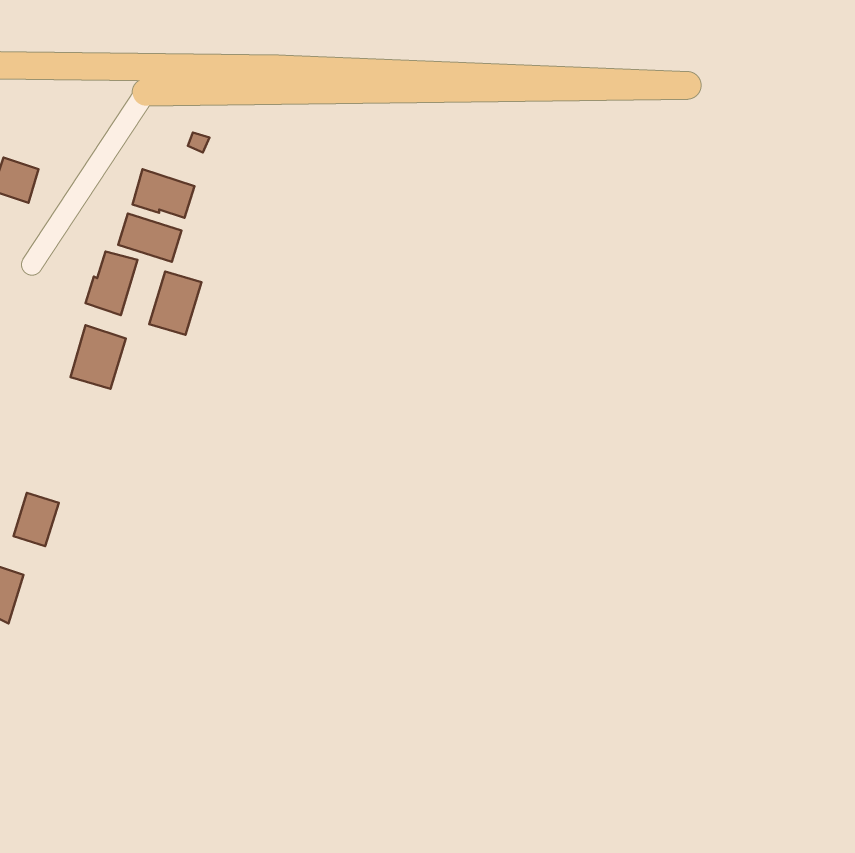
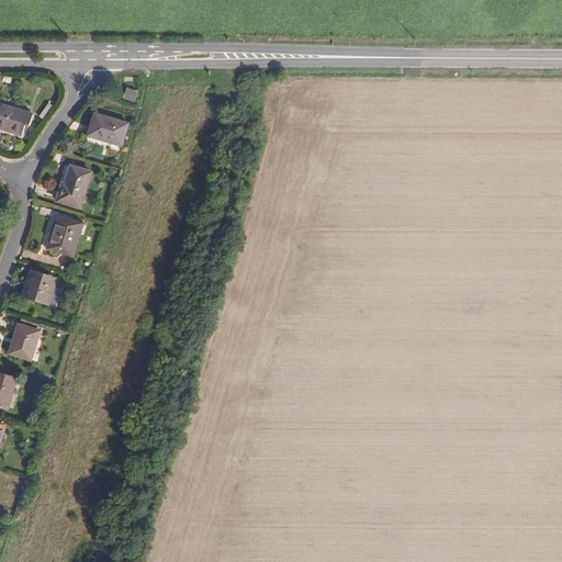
building: [118,214,181,262] -> none
building: [149,271,201,335] -> none
building: none -> [21,269,60,305]

